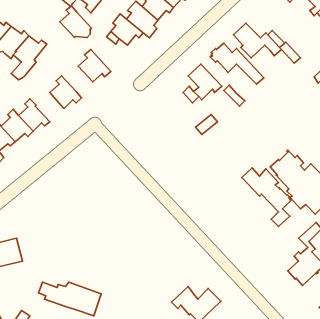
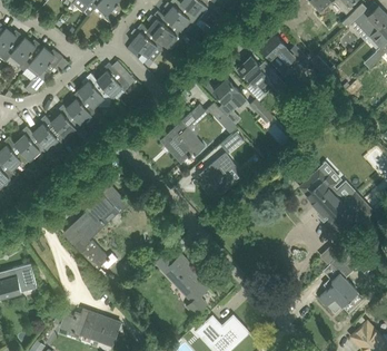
building: [60,6,91,37] -> [78,74,111,107]
building: none -> [159,104,205,164]
building: none -> [50,105,83,139]
building: none -> [199,154,232,197]
building: none -> [63,184,129,270]
building: [242,168,291,227] -> [155,253,207,315]

